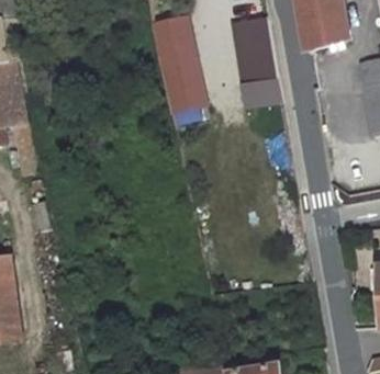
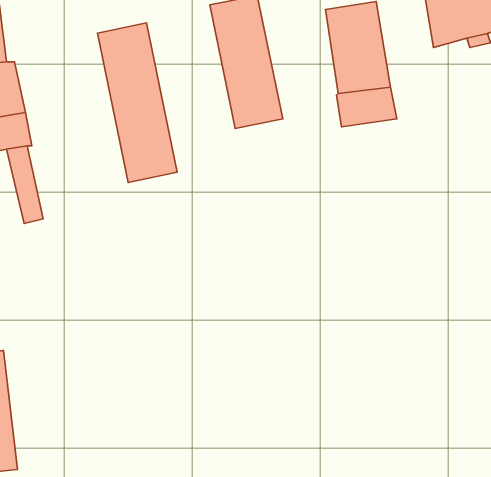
building: none -> [98,23,177,182]

